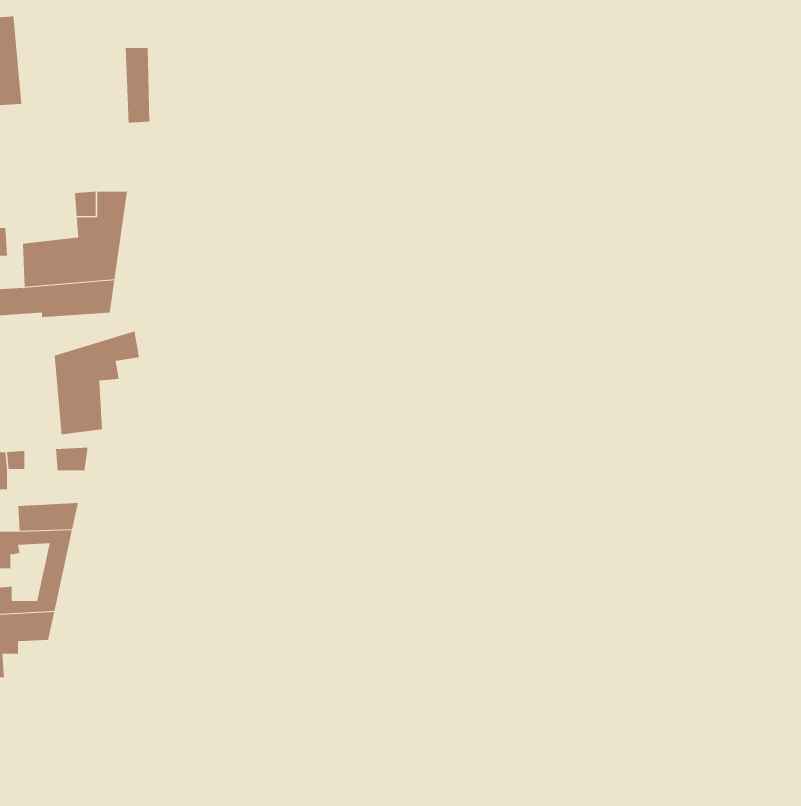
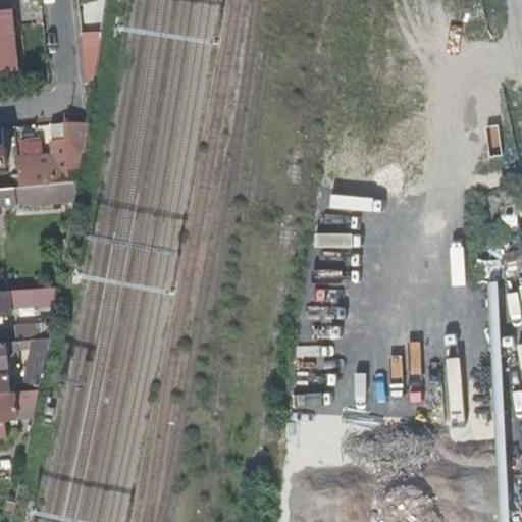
building: [54,331,140,435] -> none

